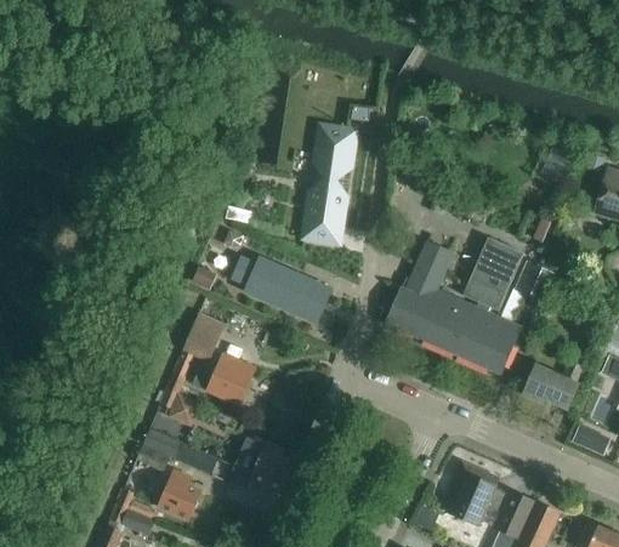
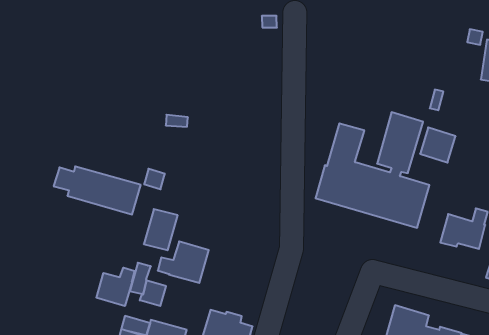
building: [302,124,357,244] -> none
building: [231,256,331,321] -> [54,166,141,215]
building: none -> [96,268,135,306]

